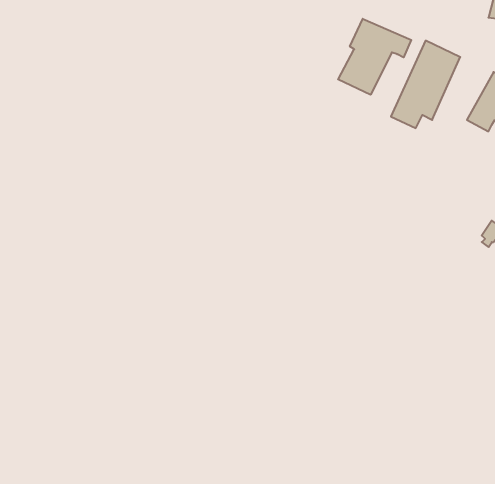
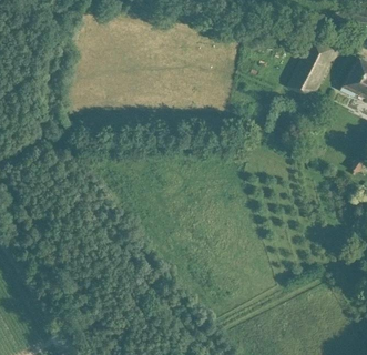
building: [338,19,411,95] -> none

